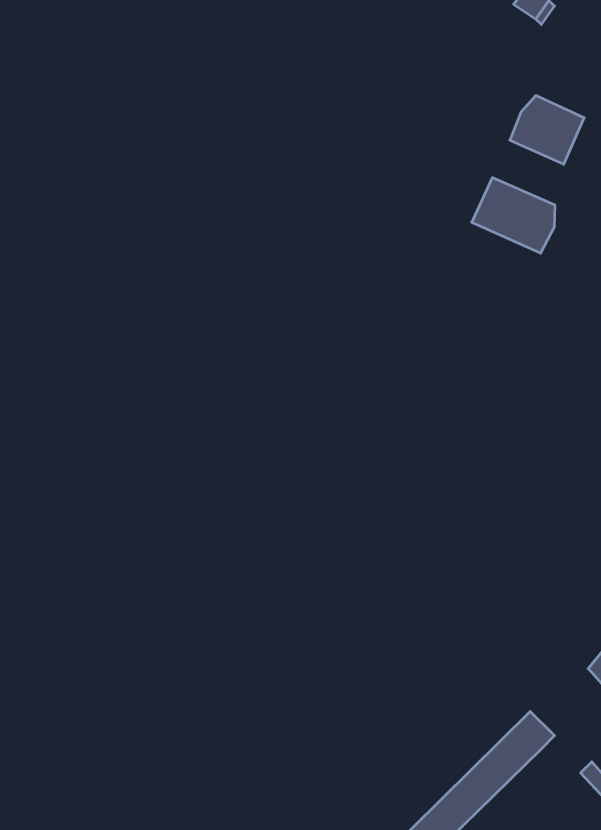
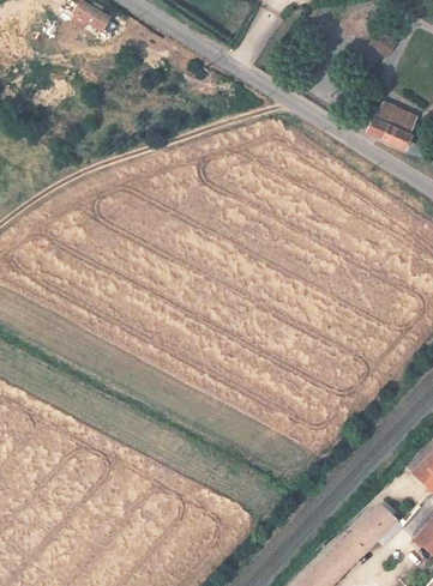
building: [472,178,555,253] -> none

